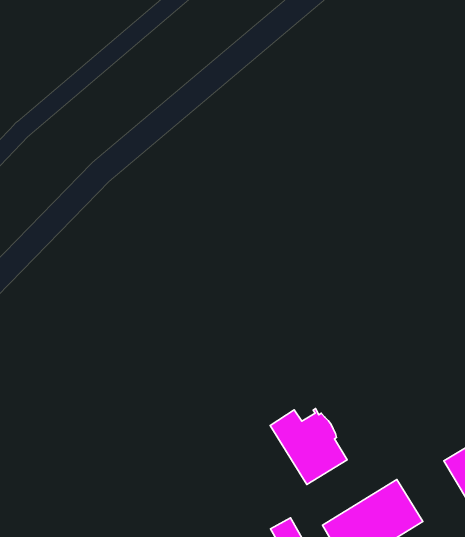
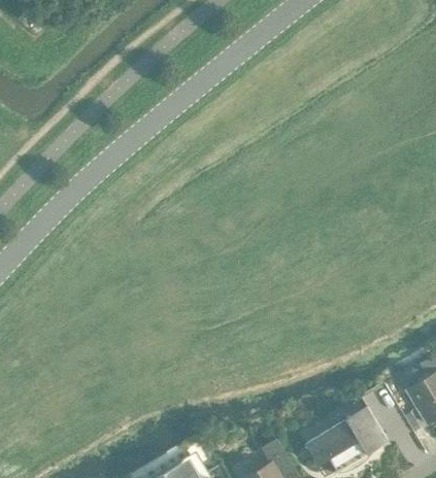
building: [270,408,347,485] -> none

